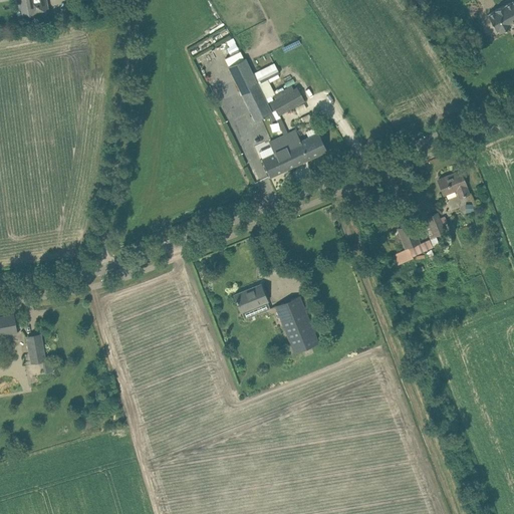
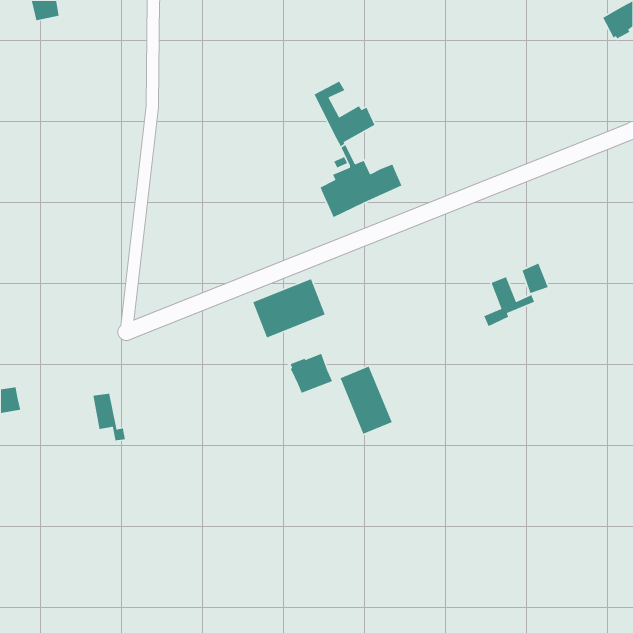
building: [227,57,272,120] -> none
building: [438,171,469,197] -> none
building: none -> [252,278,326,338]
building: [26,333,53,372] -> [92,393,126,441]

